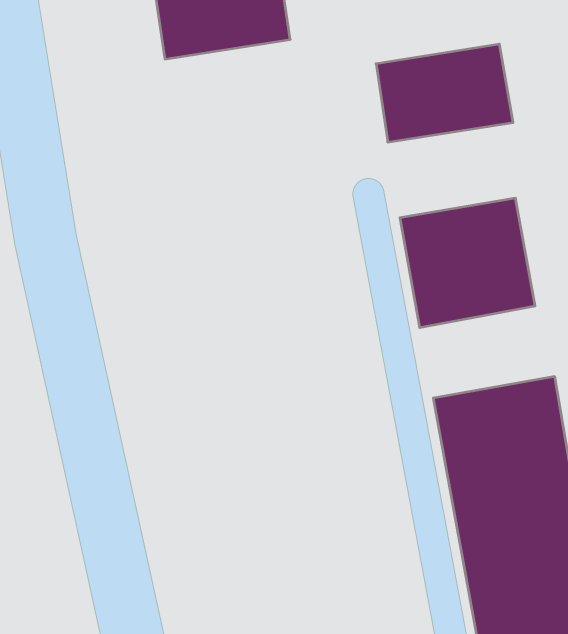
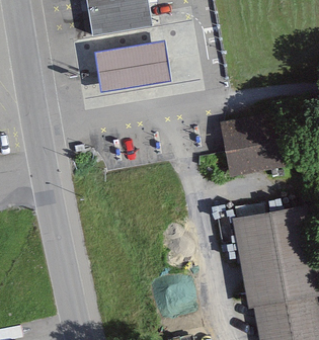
building: [376,44,513,142] -> [107,44,178,94]

